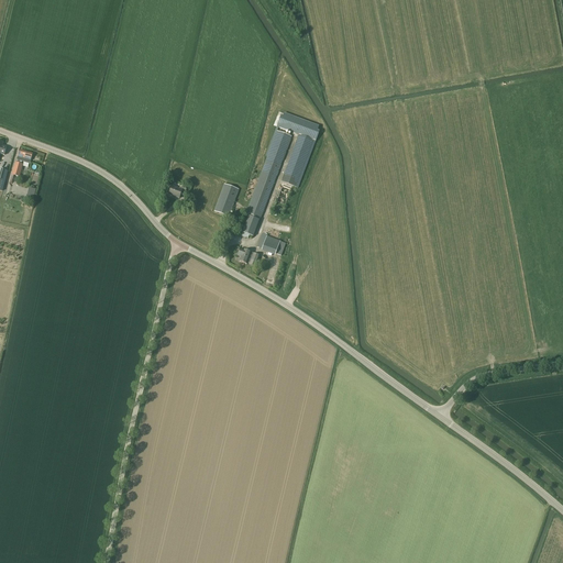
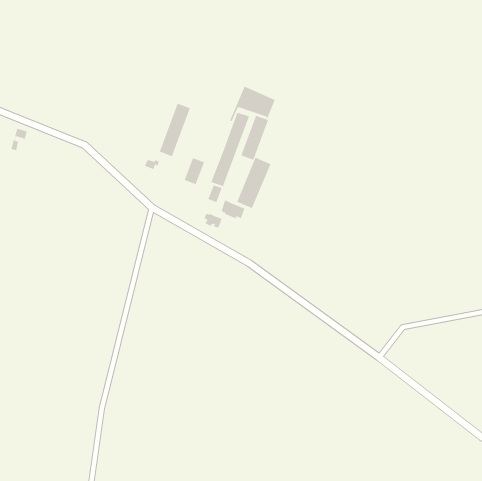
building: none -> [159,103,191,157]
building: none -> [236,157,271,209]

